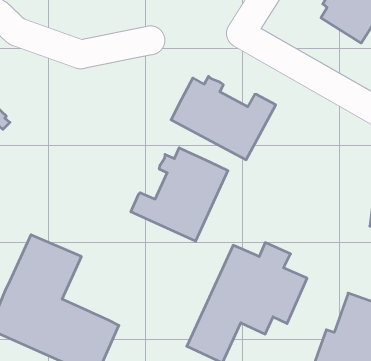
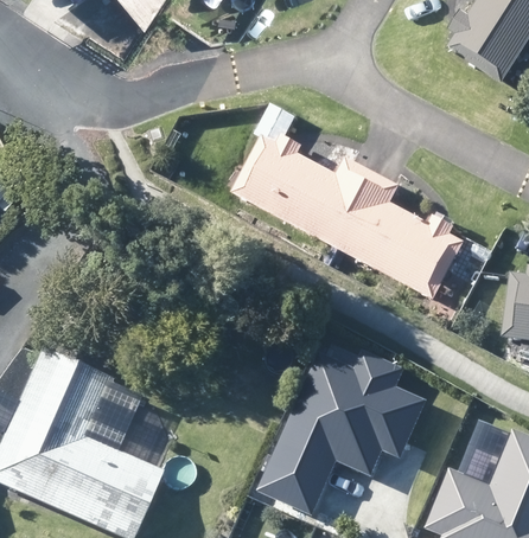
building: none -> [339,171,471,297]
building: [131,148,228,241] -> none

